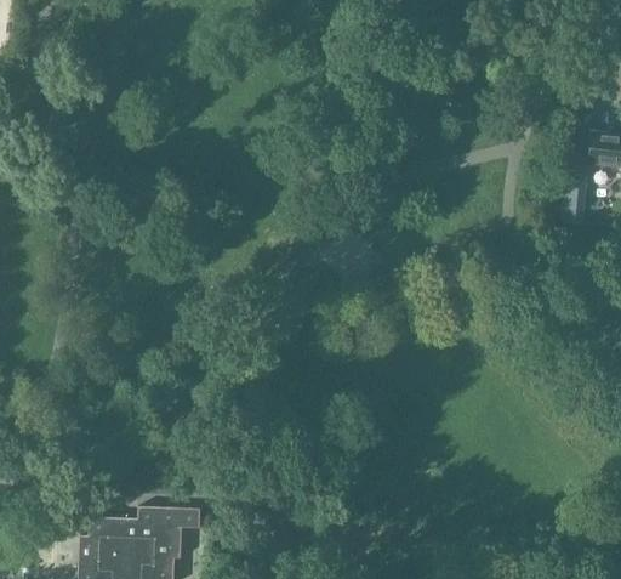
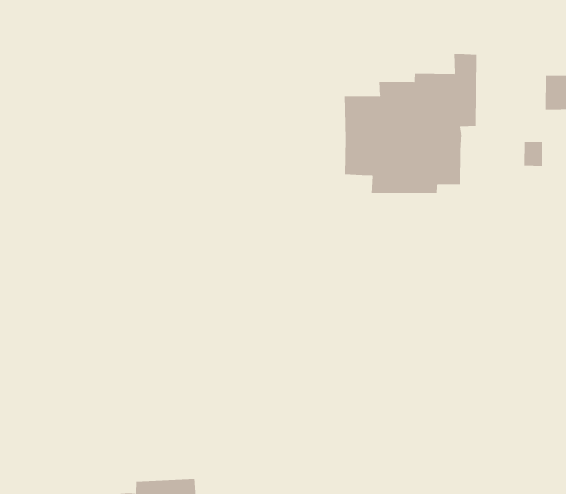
building: none -> [344,53,477,194]

